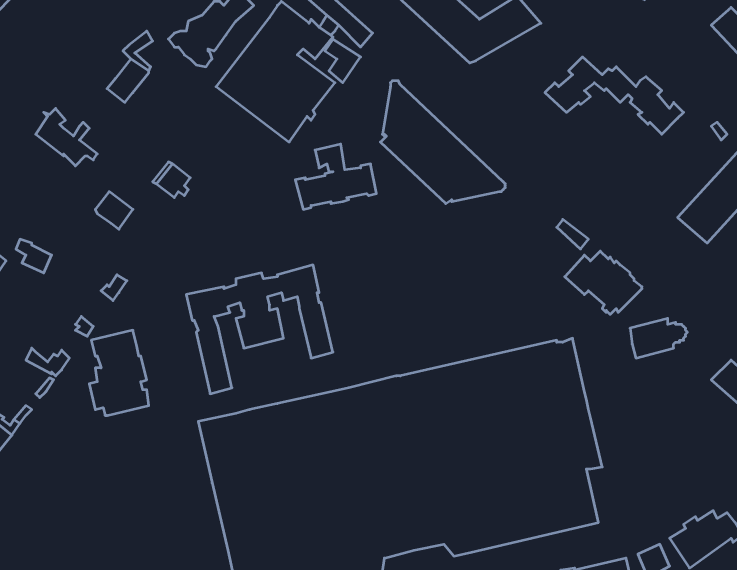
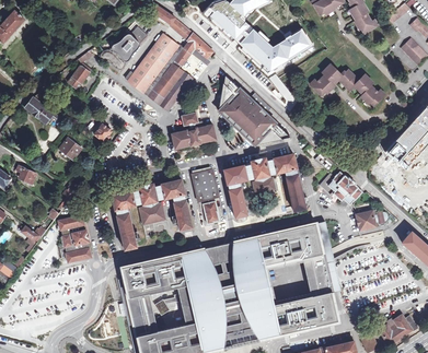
building: none -> [221,151,303,214]
building: none -> [192,169,219,224]

